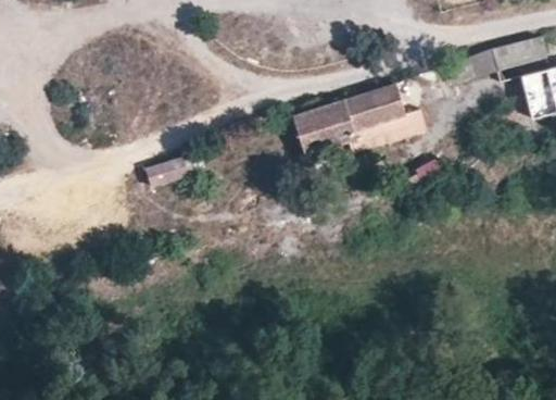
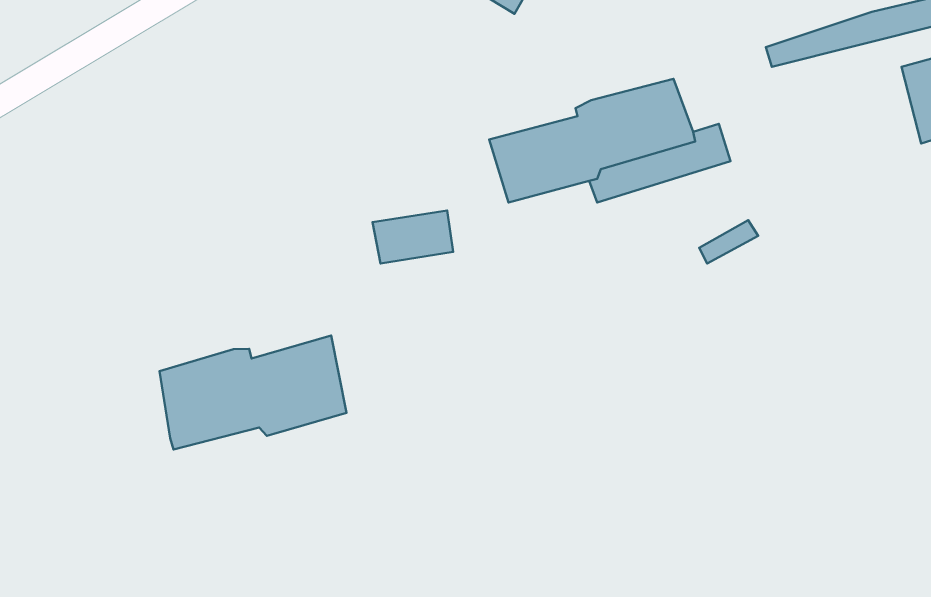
building: [148,155,192,185] -> [373,210,453,263]
building: none -> [160,335,346,450]

